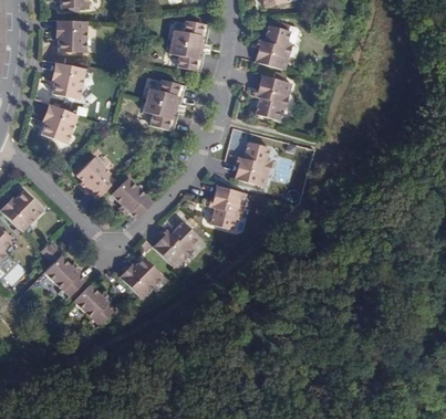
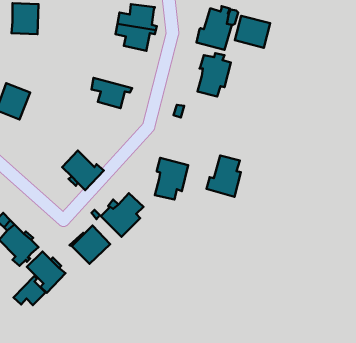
building: none -> [235,16,270,48]
building: [53,63,85,98] -> none
building: [145,80,187,111] -> none
building: [234,142,270,186] -> [206,155,241,197]
building: [75,157,111,199] -> none
building: none -> [14,276,46,305]

